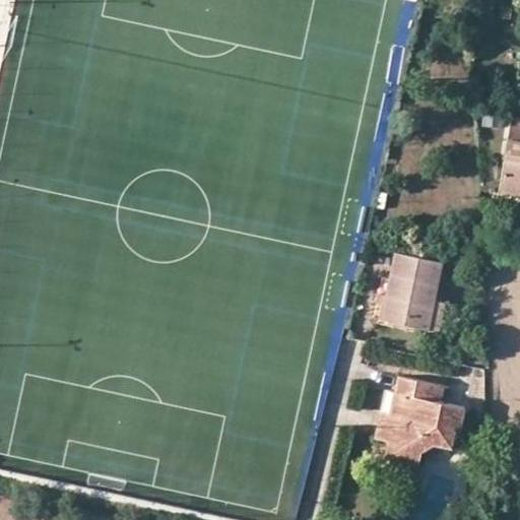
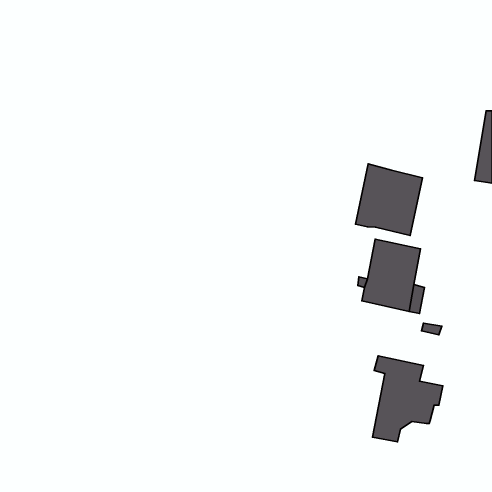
building: none -> [356,164,423,236]
building: [376,391,405,461] -> none

